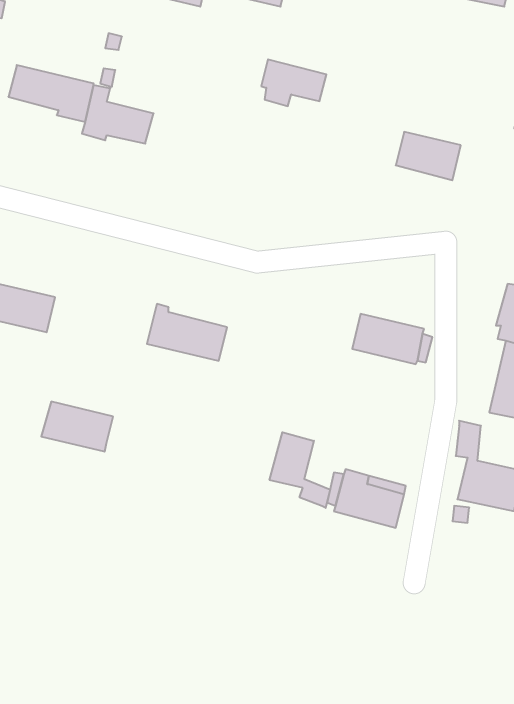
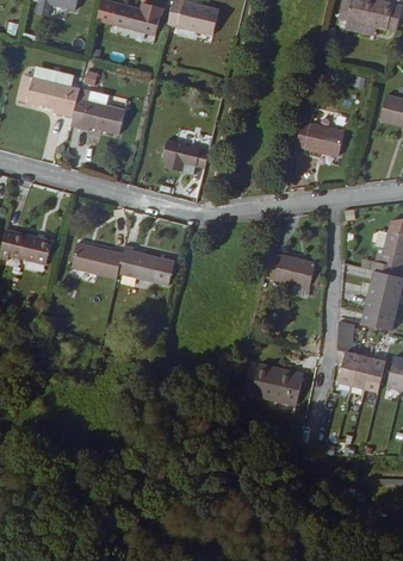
building: [261,59,326,106] -> [162,138,209,172]
building: [41,402,113,452] -> [72,243,123,279]
building: [270,432,330,508] -> none

